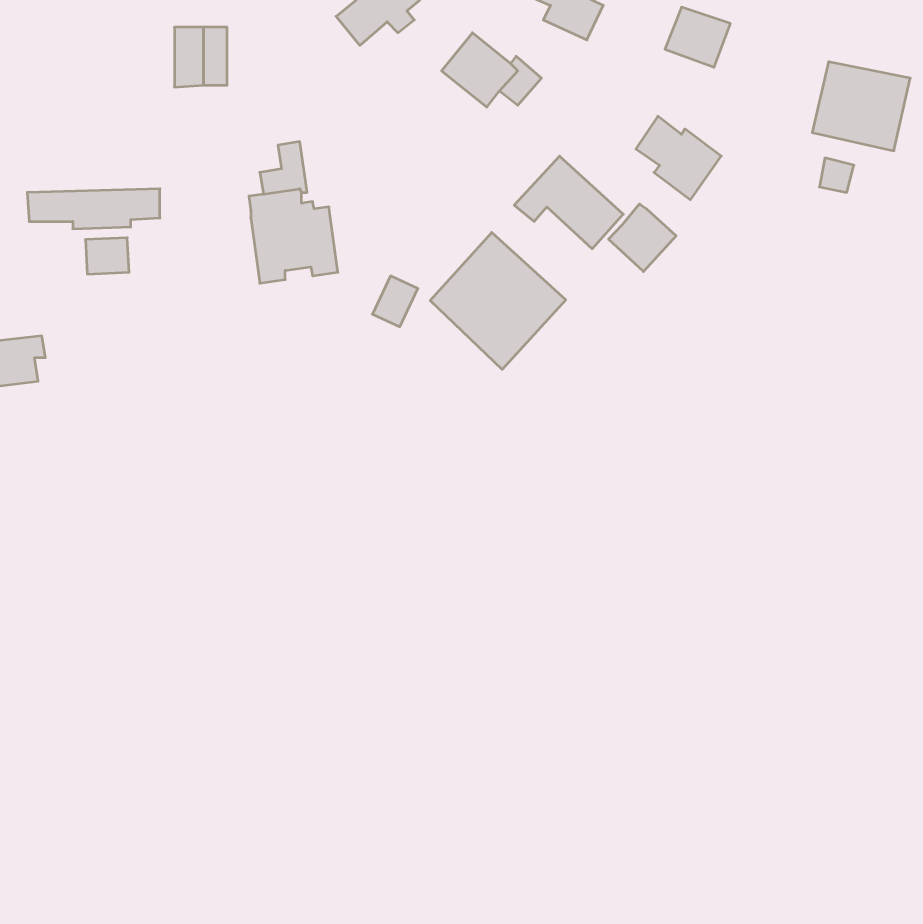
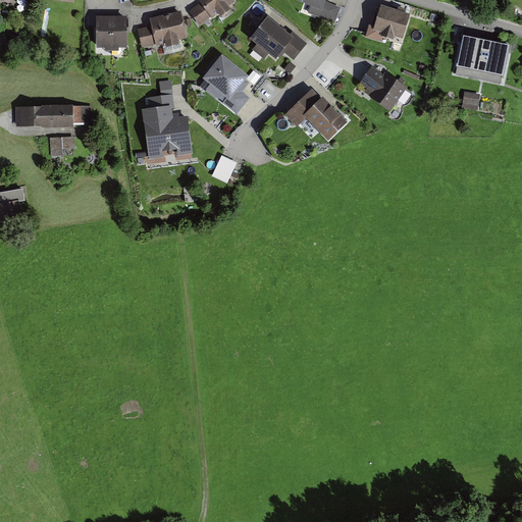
building: none -> [139,11,185,46]
building: none -> [203,54,252,113]
building: [609,204,676,272] -> none
building: [430,232,566,369] -> none

